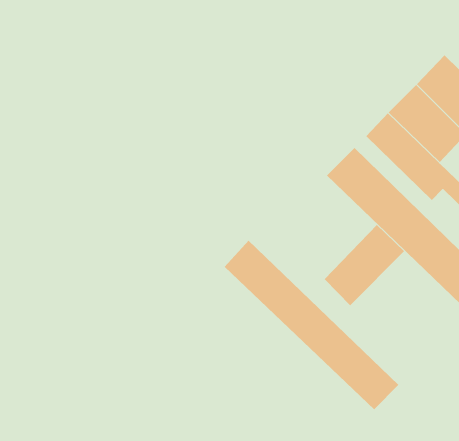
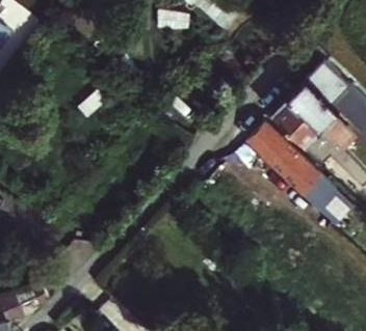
building: [324,224,405,306] -> none
building: [224,240,399,410] -> none

